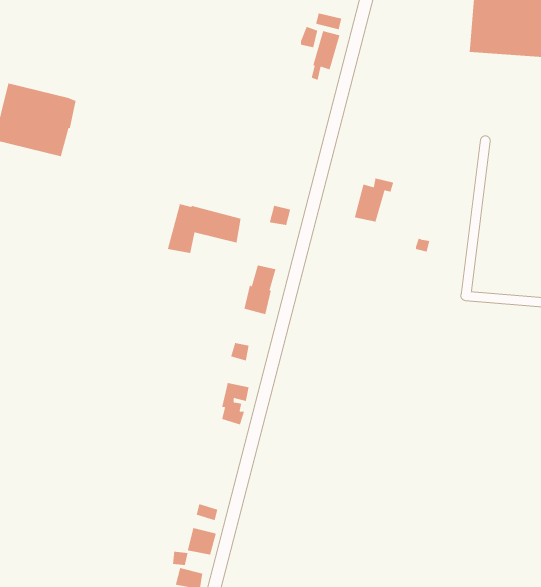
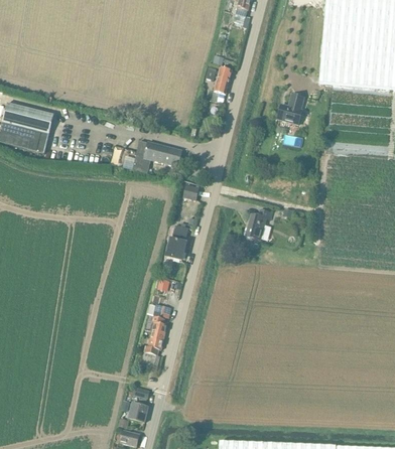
building: none -> [277,93,303,123]
building: [354,178,394,222] -> [245,208,272,239]
building: [167,203,241,254] -> [131,139,181,173]
building: none -> [143,329,164,365]

